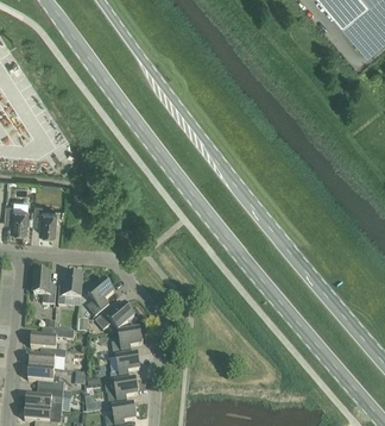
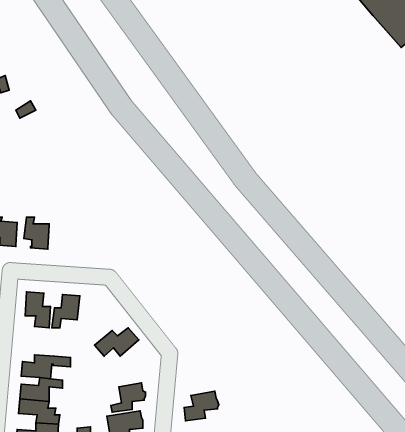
building: [87,282,114,319] -> none
building: [112,331,143,357] -> [184,391,219,421]

